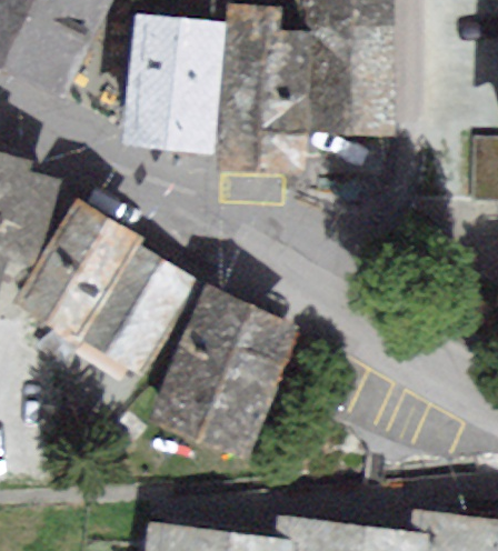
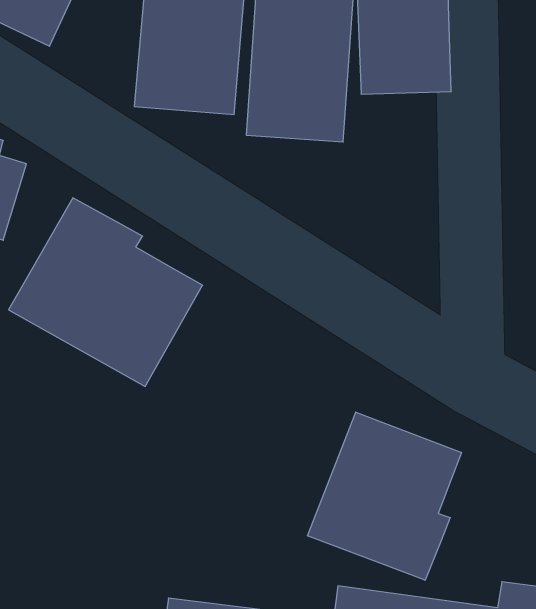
building: [153,290,283,443] -> none
building: none -> [308,412,461,580]

